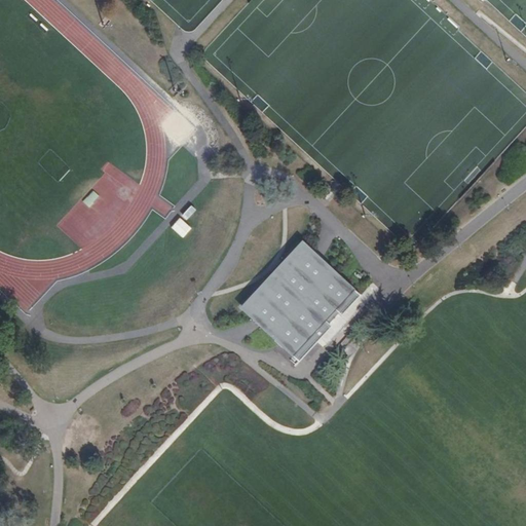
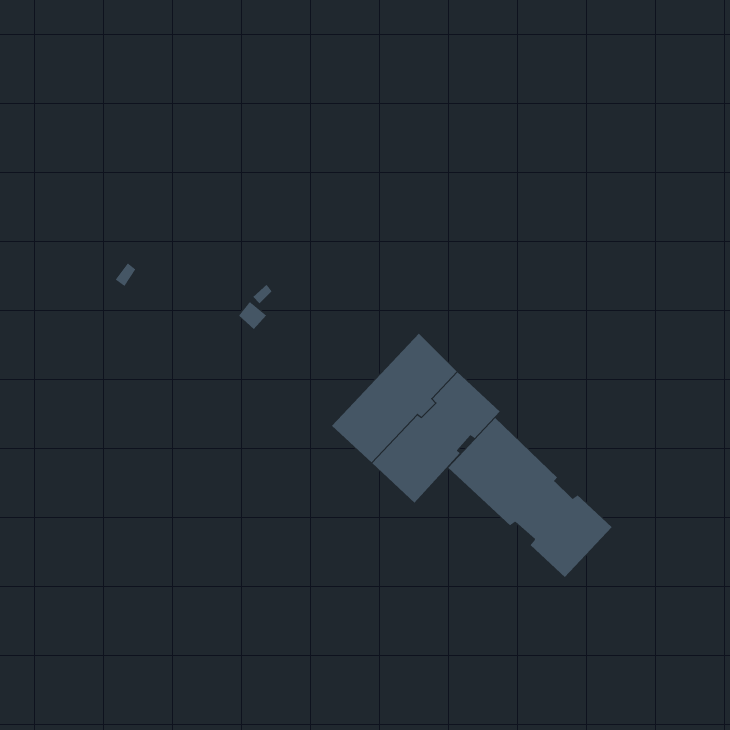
building: none -> [448,417,612,578]

